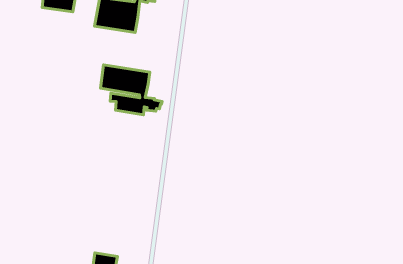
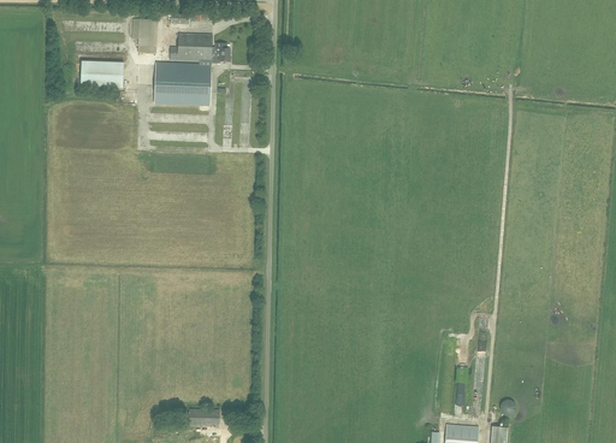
building: [100,65,162,115] -> none

